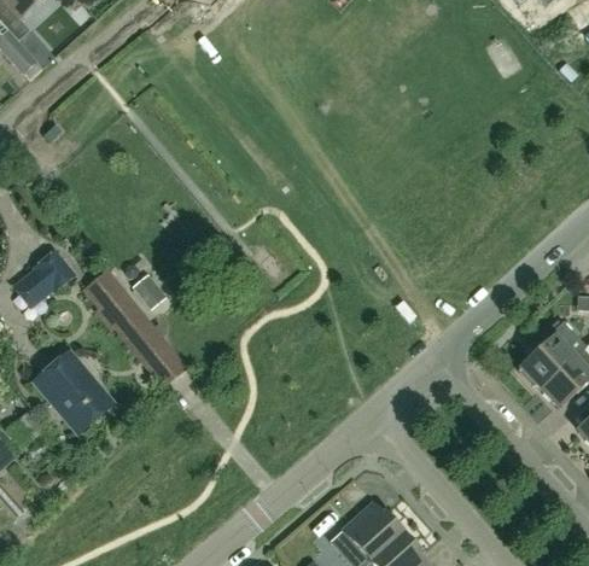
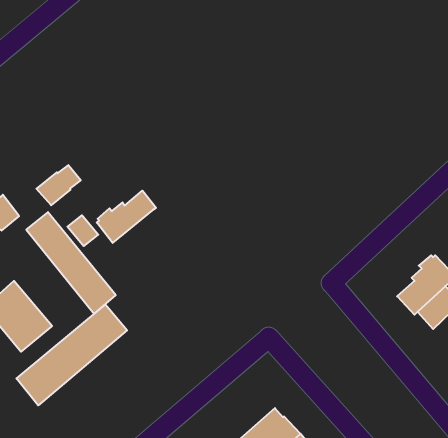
building: none -> [36,165,81,205]
building: none -> [97,191,156,243]
building: none -> [16,304,127,405]

